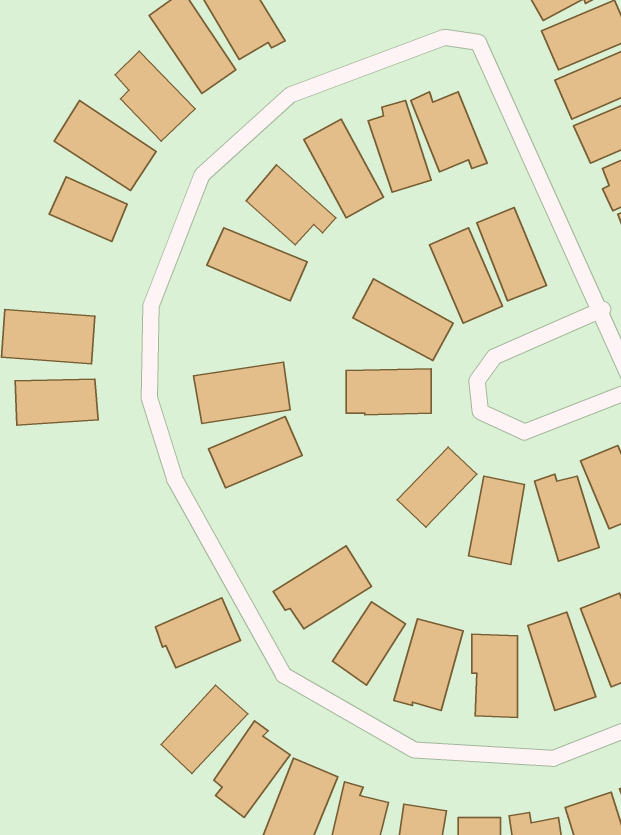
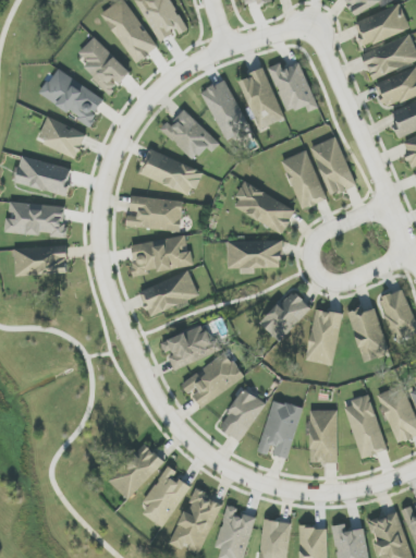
building: none -> [14,157,71,195]
building: none -> [125,195,182,231]
building: [156,598,240,668] -> [160,324,215,368]

